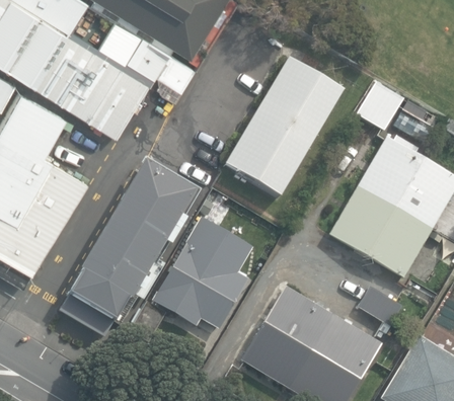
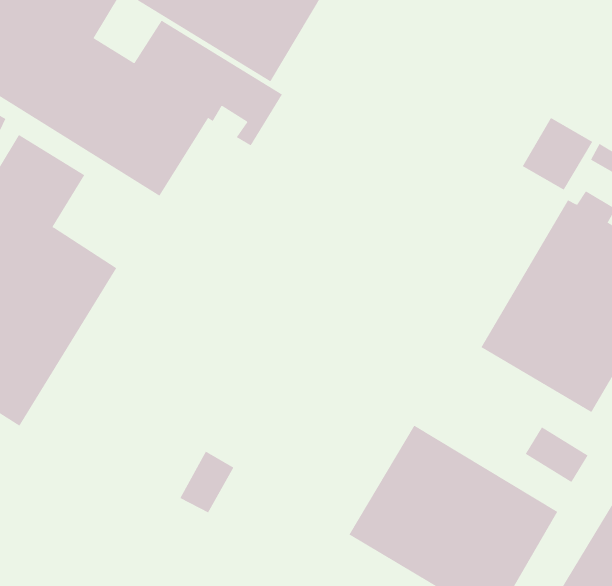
building: [223,59,343,199] -> none
building: [57,158,201,340] -> none
building: [150,195,247,331] -> none

